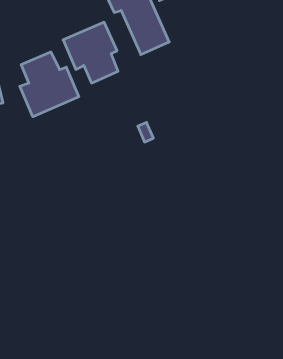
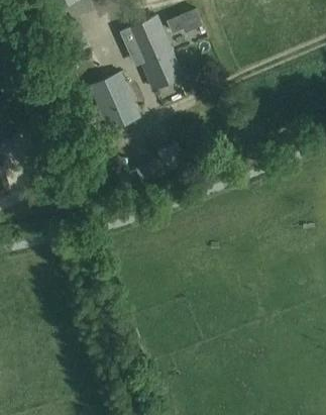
building: [20,52,79,117] -> none

